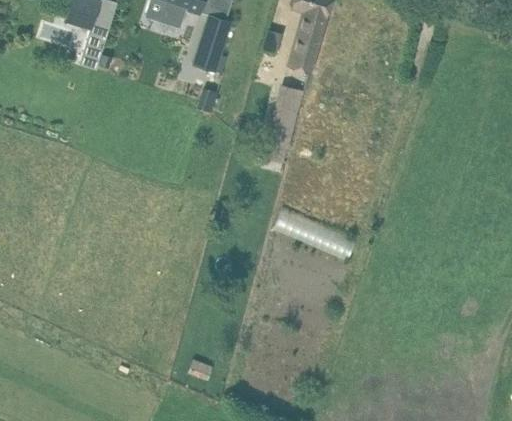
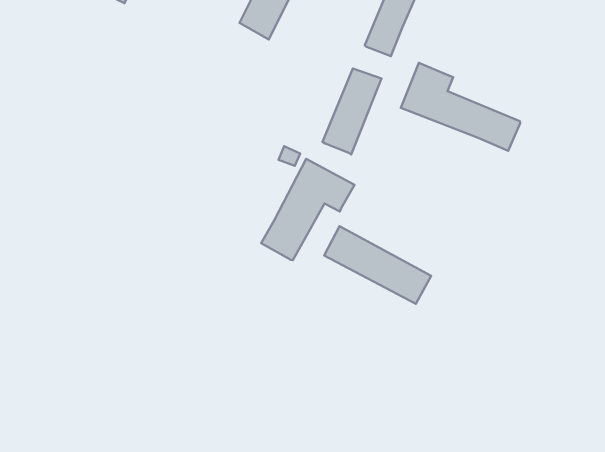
building: none -> [401,63,520,151]
building: none -> [261,159,355,260]

